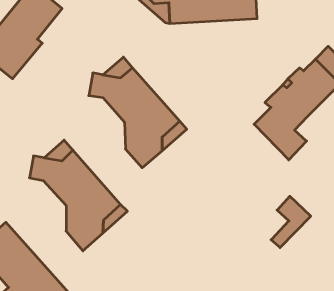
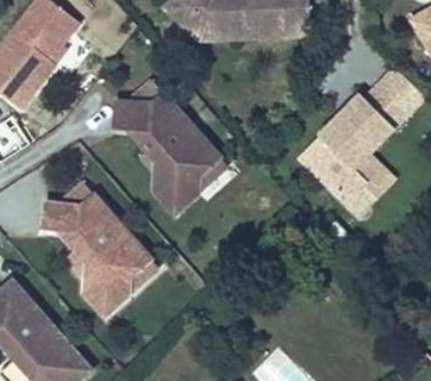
building: [271,196,311,248] -> [350,152,398,214]

